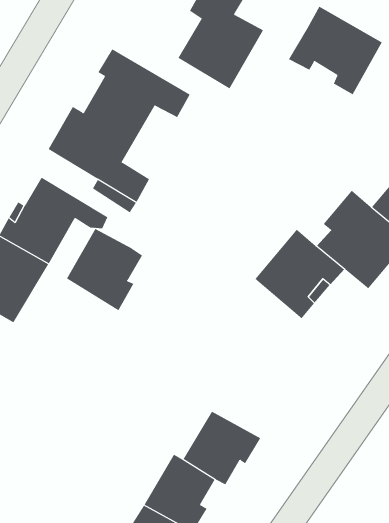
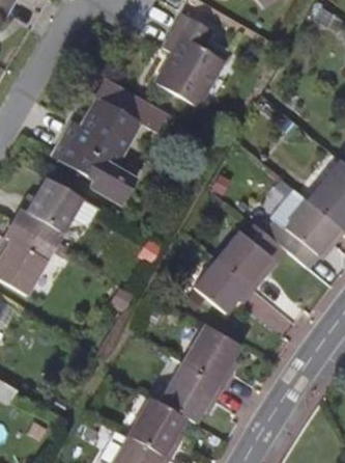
building: [288,6,382,95] -> none
building: [66,228,143,311] -> none
building: none -> [195,258,254,312]
building: none -> [182,325,239,385]

